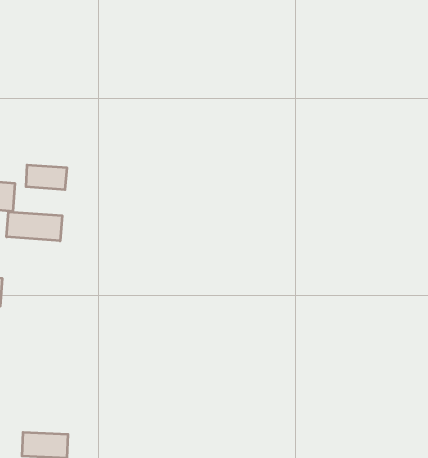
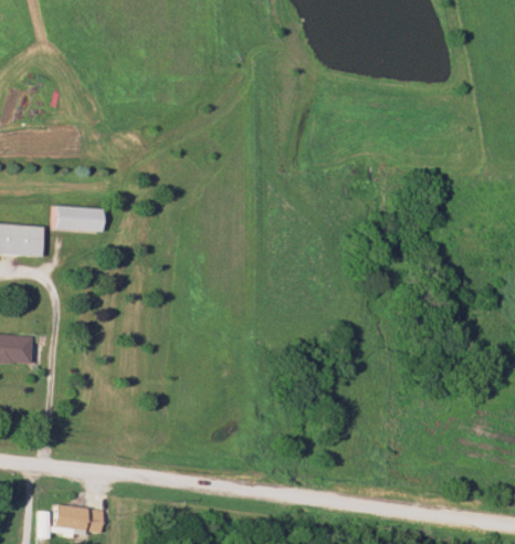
building: [7,212,62,241] -> none

